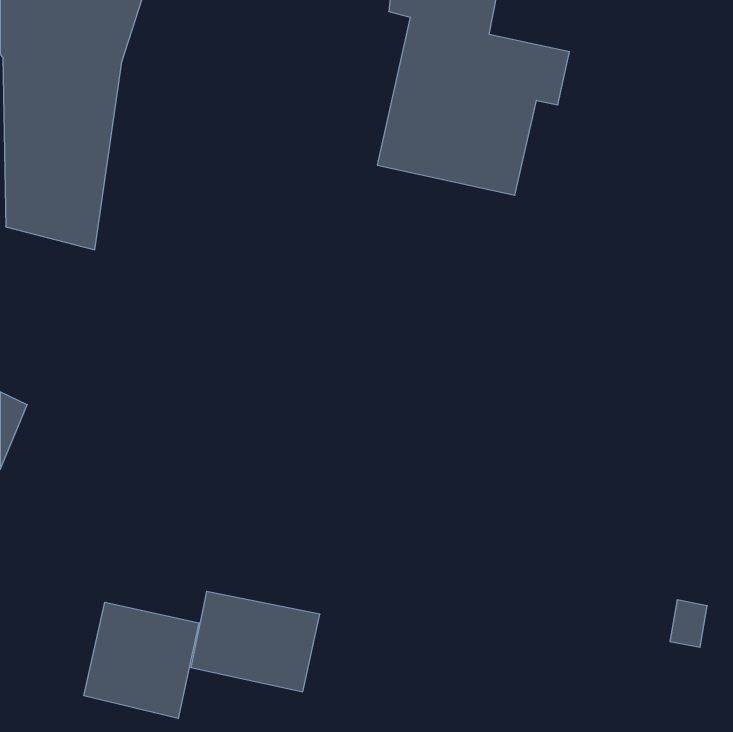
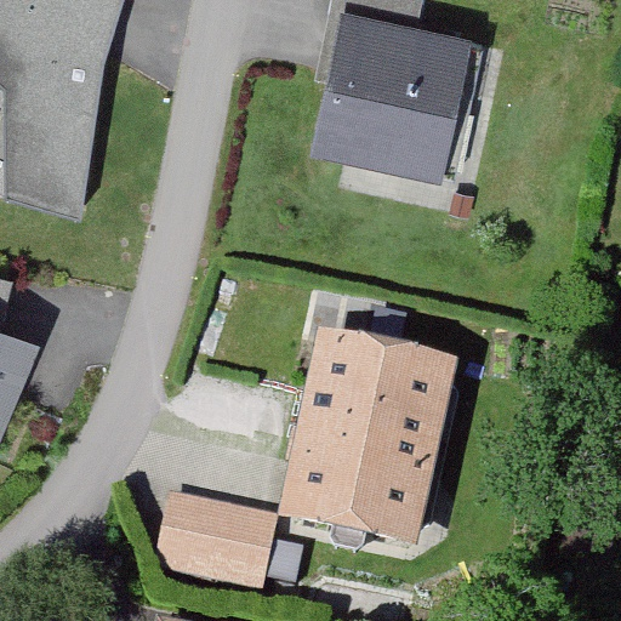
building: none -> [291,352,445,553]
building: [84,602,199,719] -> none

